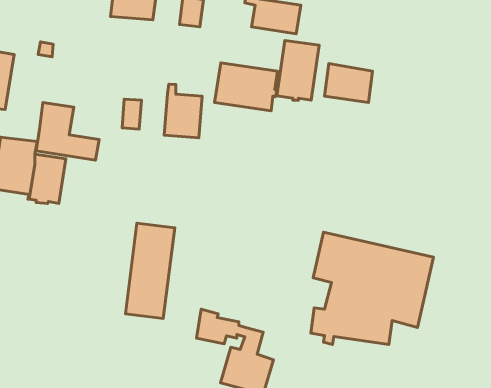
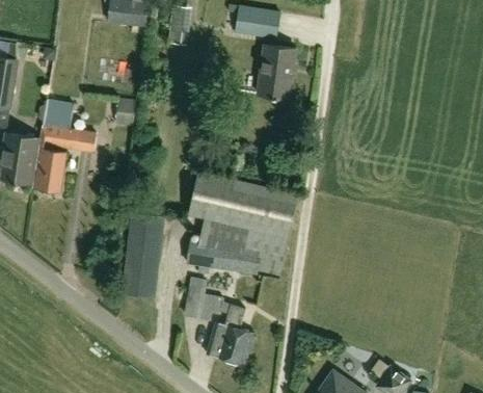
building: [214,63,278,111] -> none
building: [325,64,373,103] -> none
building: [164,84,202,138] -> none
building: [311,232,433,345] -> [187,172,298,273]

